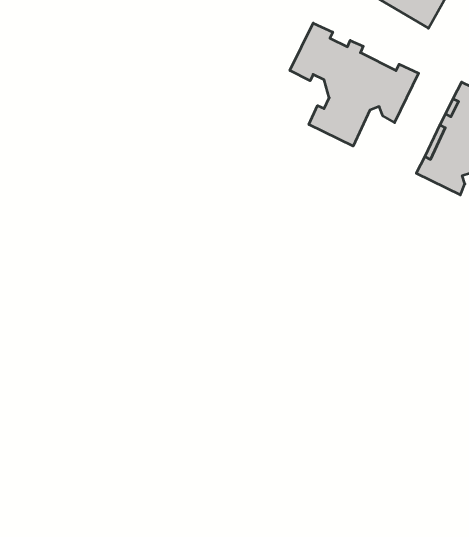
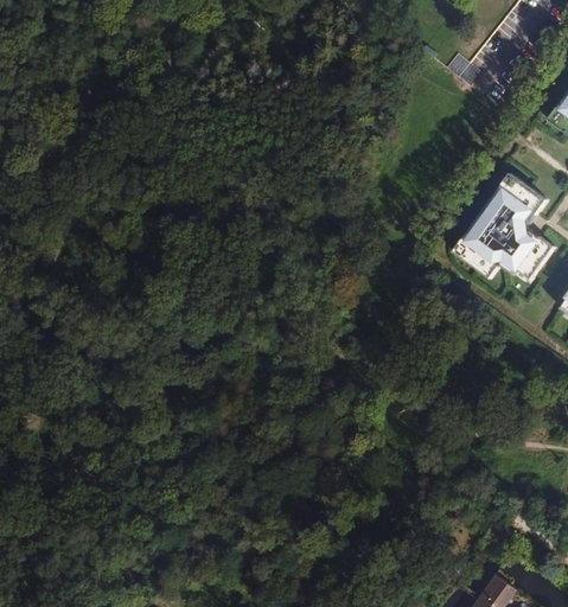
building: [290,23,419,146] -> none

